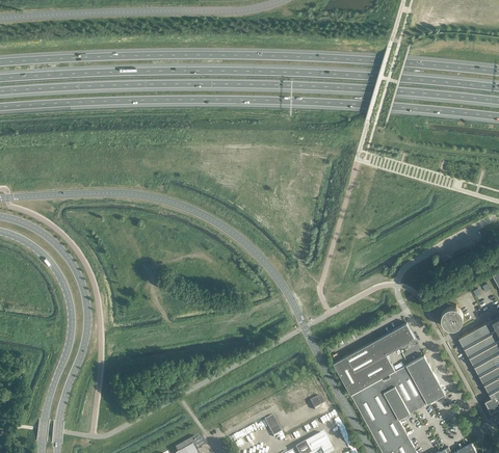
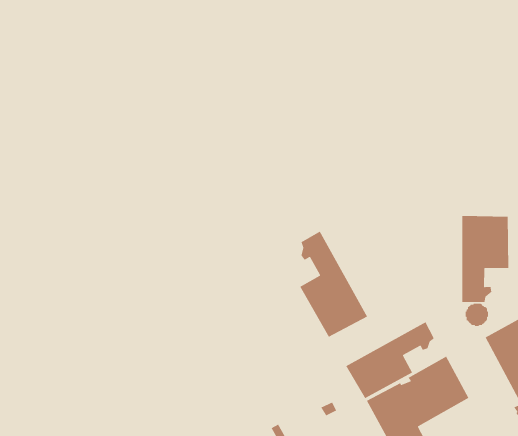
building: none -> [461,215,509,303]
building: none -> [299,231,368,338]

